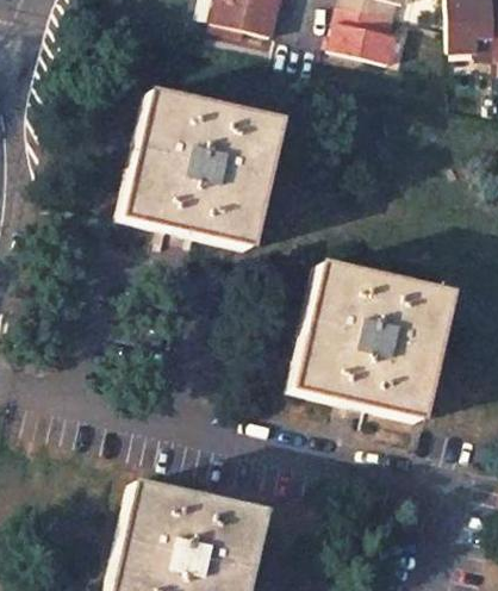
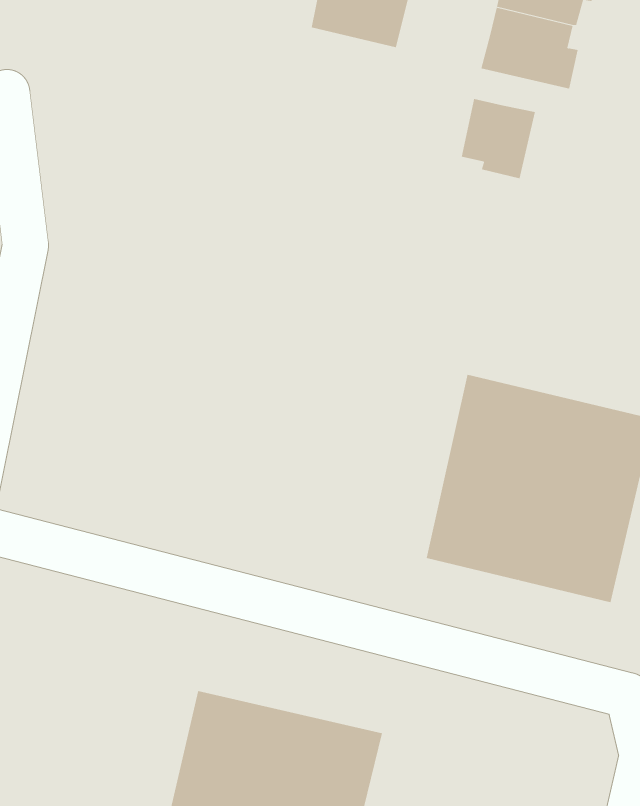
building: none -> [461,98,536,179]
building: [124,88,285,245] -> none

